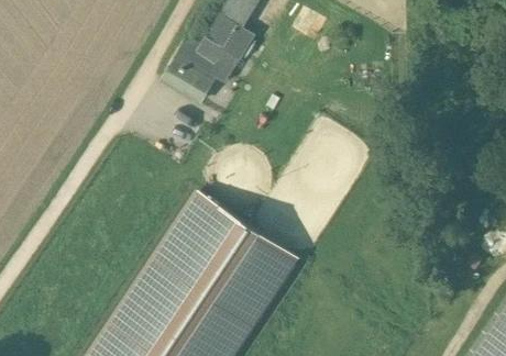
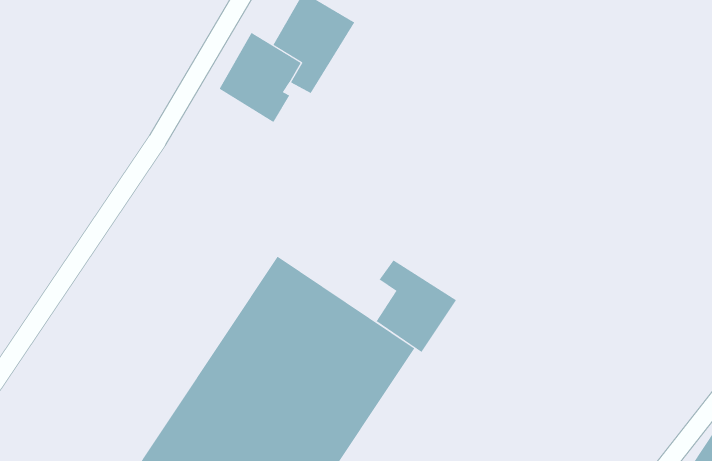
building: none -> [376,259,457,353]

